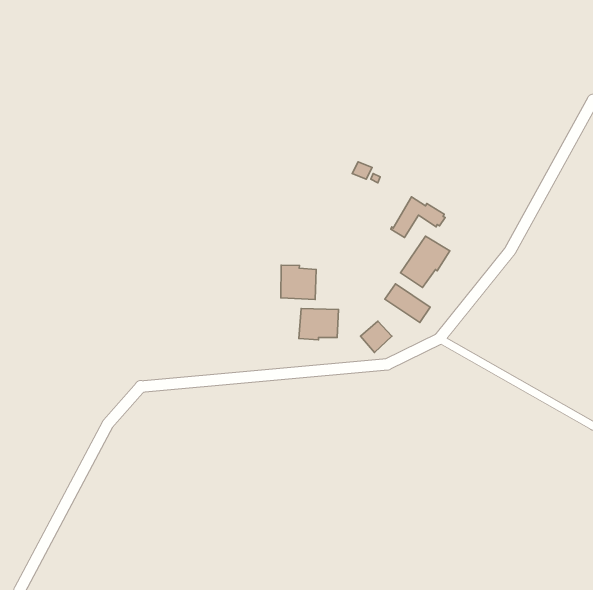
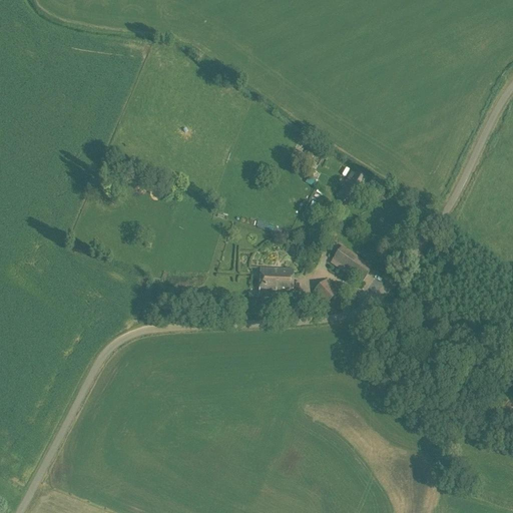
building: [400,236,450,288] -> none
building: [281,265,316,300] -> none

